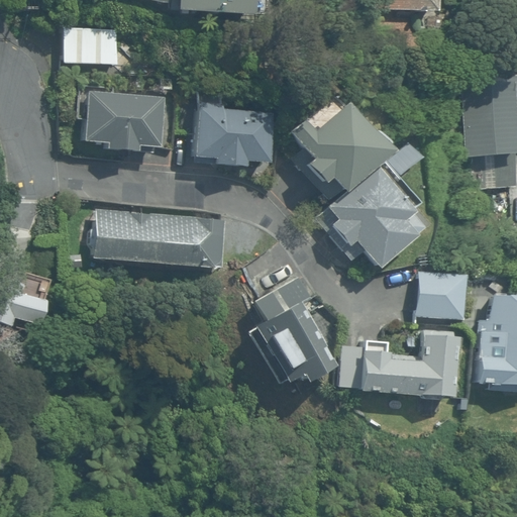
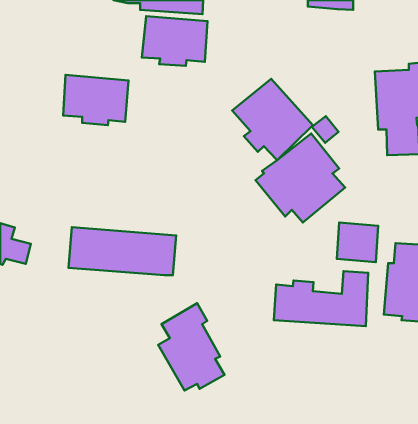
building: [66,28,116,63] -> none
building: [193,107,273,168] -> [142,16,207,66]
building: [94,208,225,267] -> [68,227,176,275]
building: [253,277,334,383] -> [158,303,224,390]

